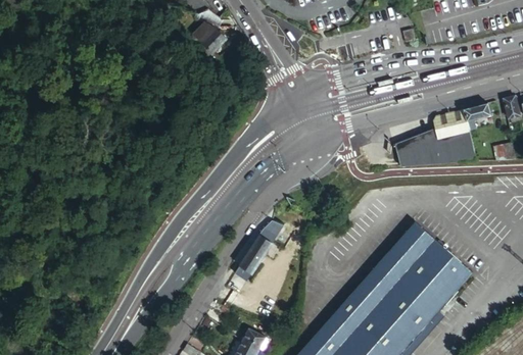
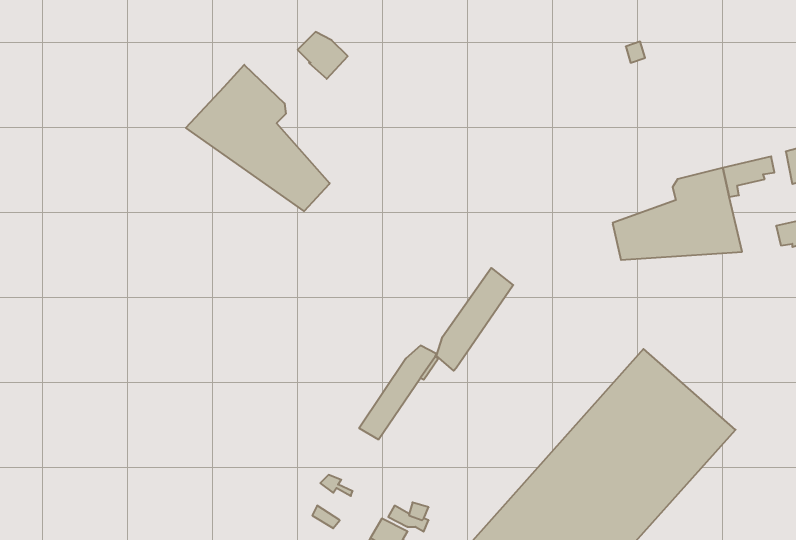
building: none -> [186,65,330,211]
building: none -> [437,268,513,371]

